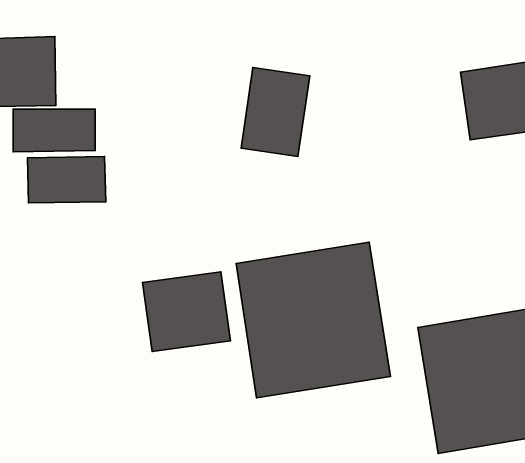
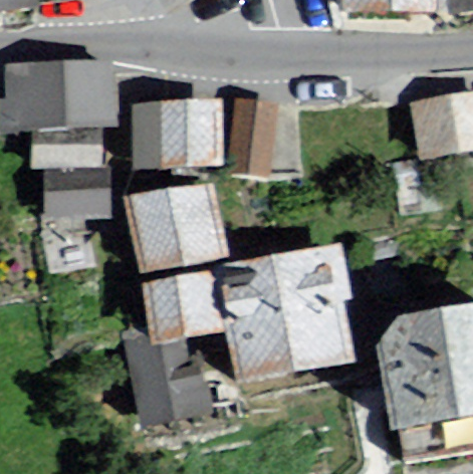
building: none -> [165,102,217,162]
building: none -> [125,182,221,272]
building: none -> [125,331,211,421]

